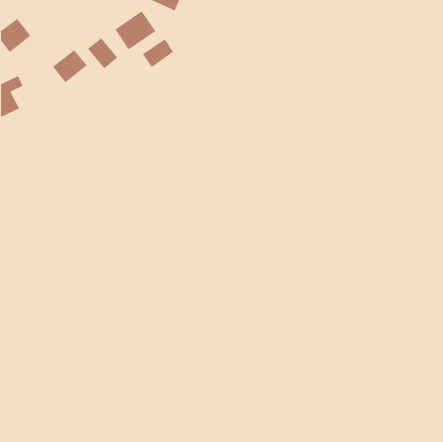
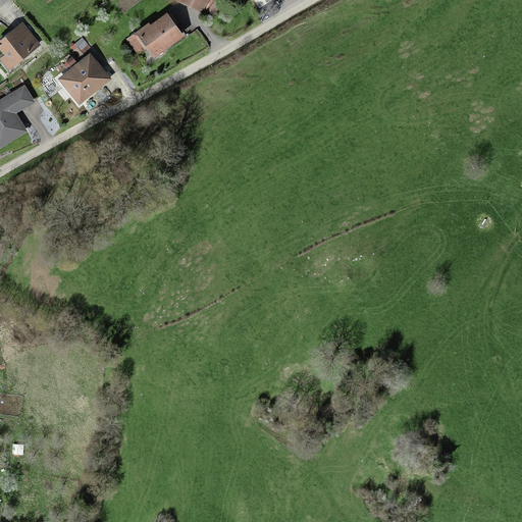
building: [87,38,118,69] -> none
building: [142,38,174,68] -> none

